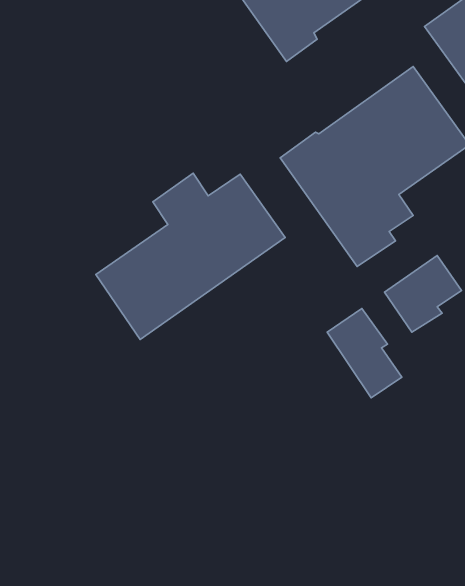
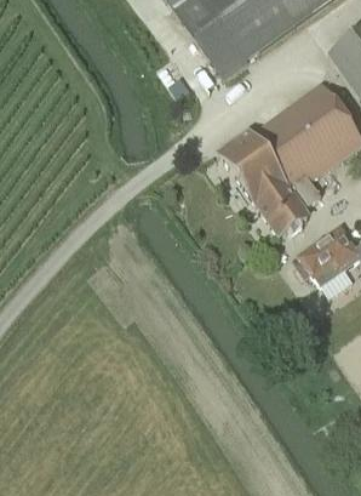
building: [96,173,285,340] -> none
building: [327,308,402,398] -> none

